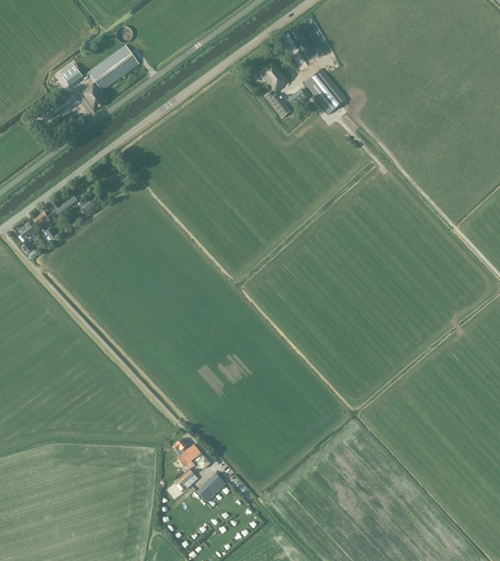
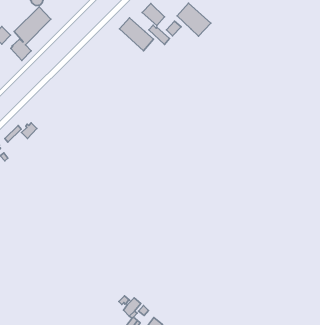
building: none -> [119,18,154,51]

